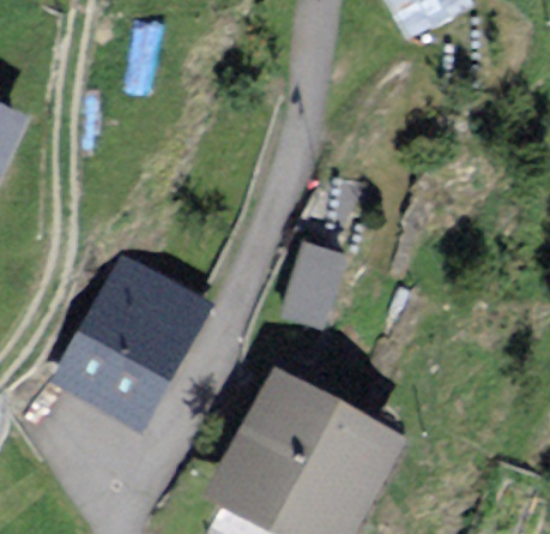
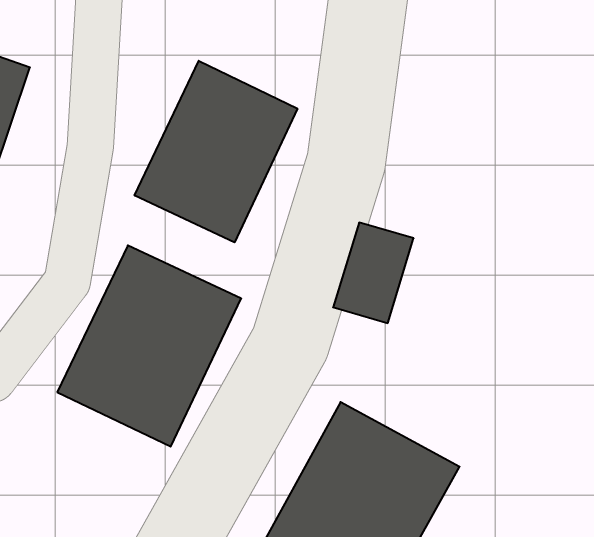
building: none -> [135,61,297,242]

